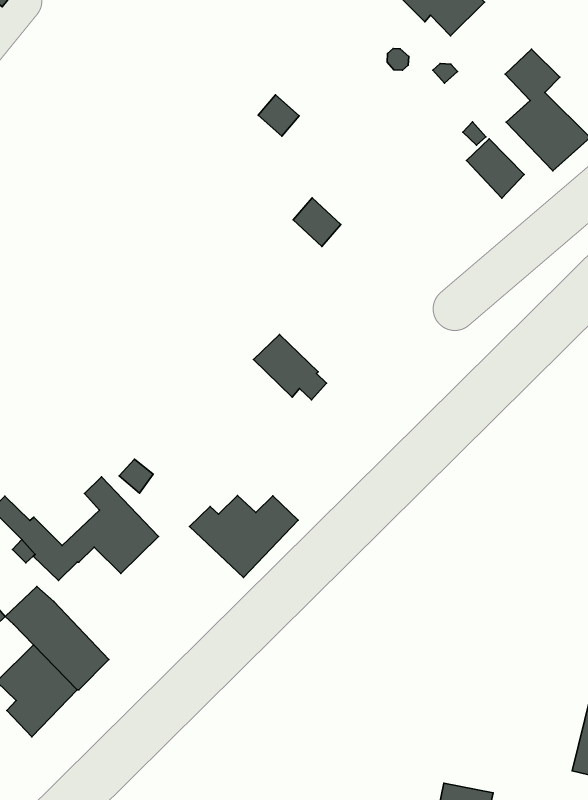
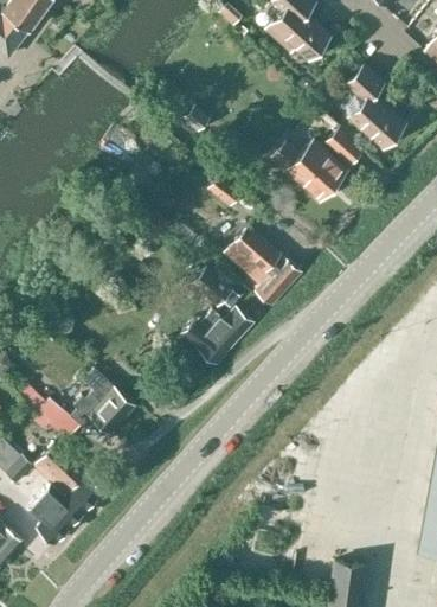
building: none -> [275,141,346,198]
building: none -> [225,225,303,305]
building: [190,496,298,577] -> [182,306,255,362]

